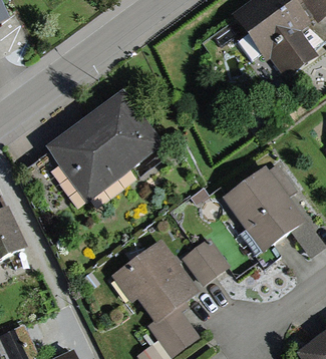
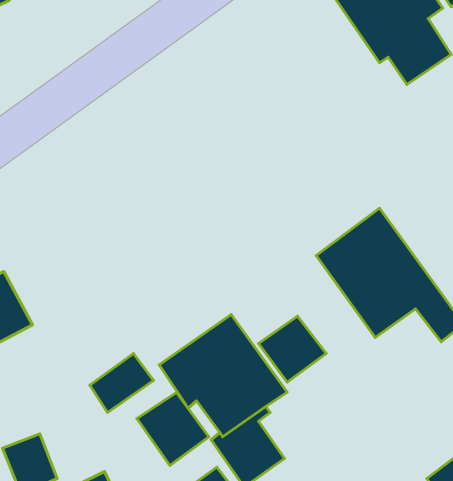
building: [45,93,160,202] -> none
building: none -> [90,354,153,413]
building: none -> [137,392,209,465]

